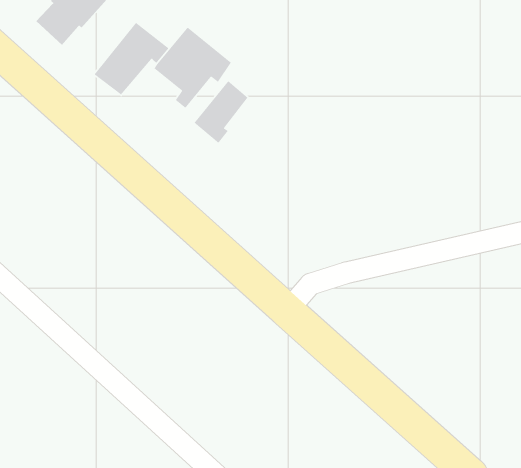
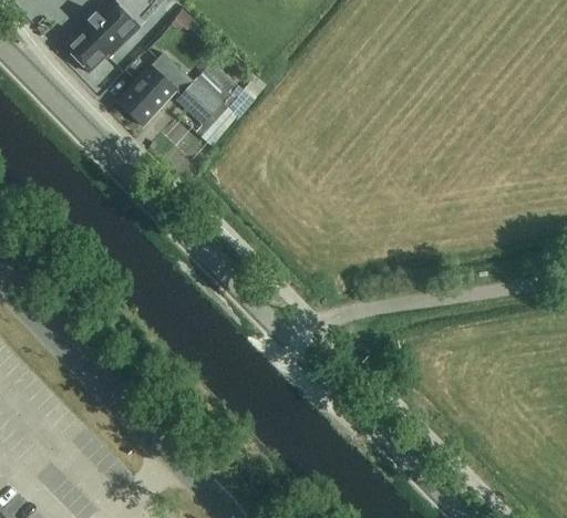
building: [193,80,248,144] -> none

